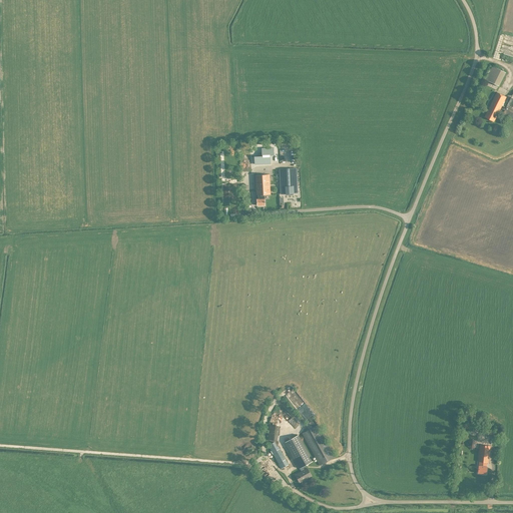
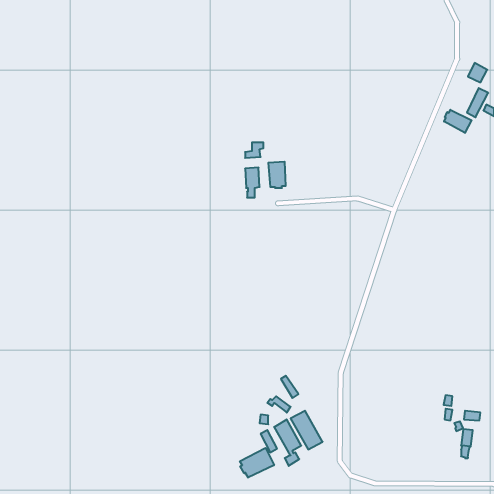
building: none -> [444,110,472,133]
building: none -> [240,448,274,478]

